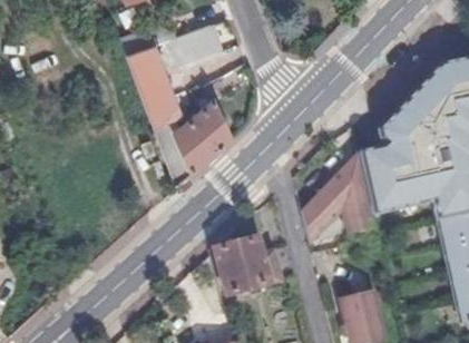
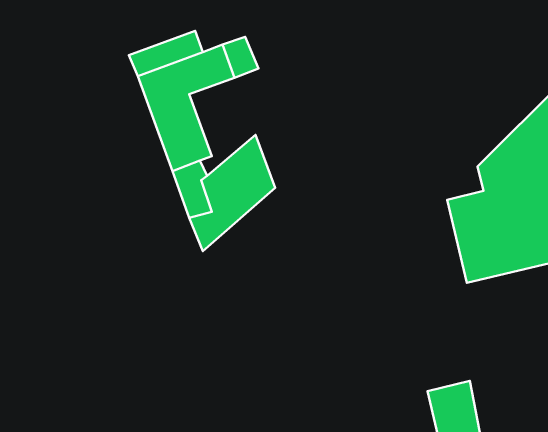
building: [302,151,373,238] -> none
building: [214,234,297,292] -> none

